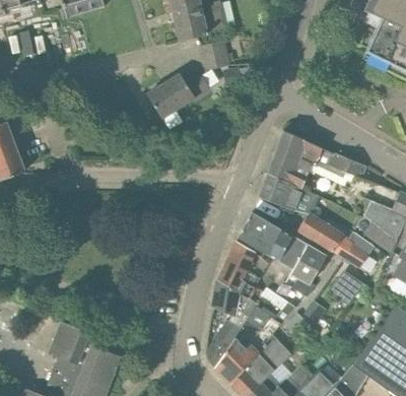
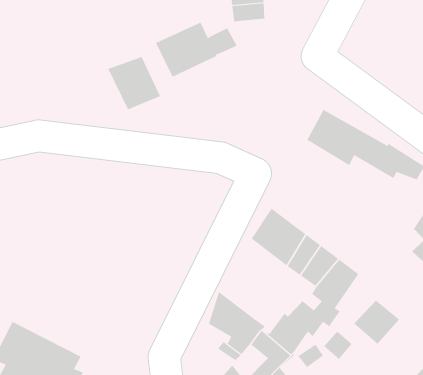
building: none -> [107,56,161,110]
building: [257,173,311,210] -> none
building: [297,212,368,268] -> none
building: [217,241,256,299] -> none

